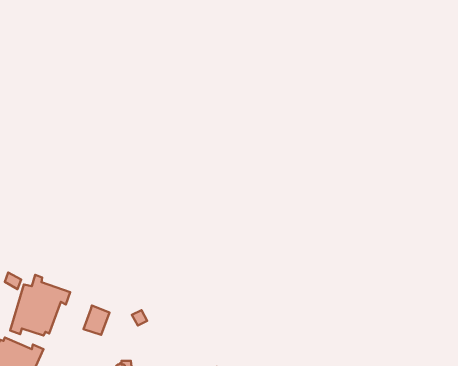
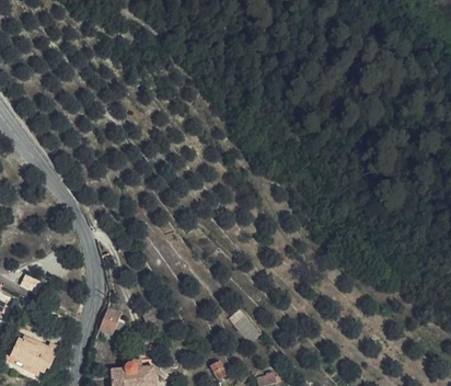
building: [10,275,70,336] -> none

